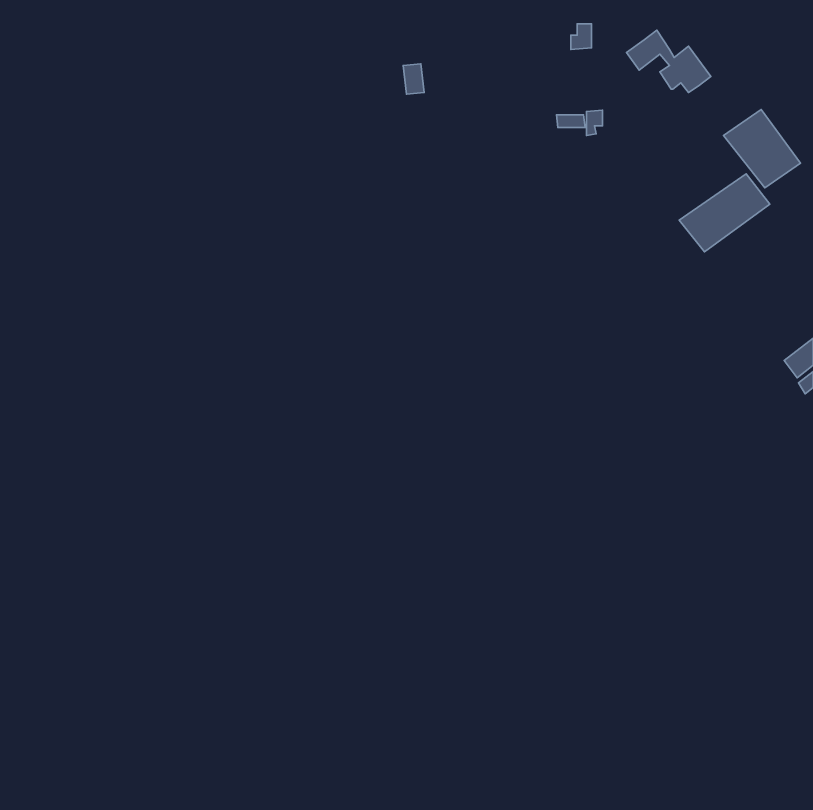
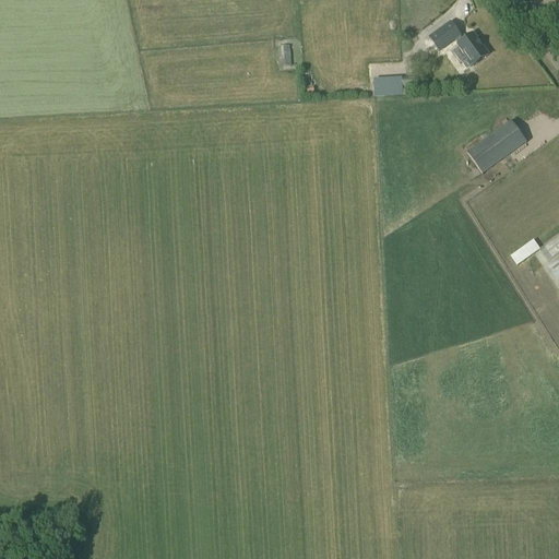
building: [723,109,801,188] -> none

